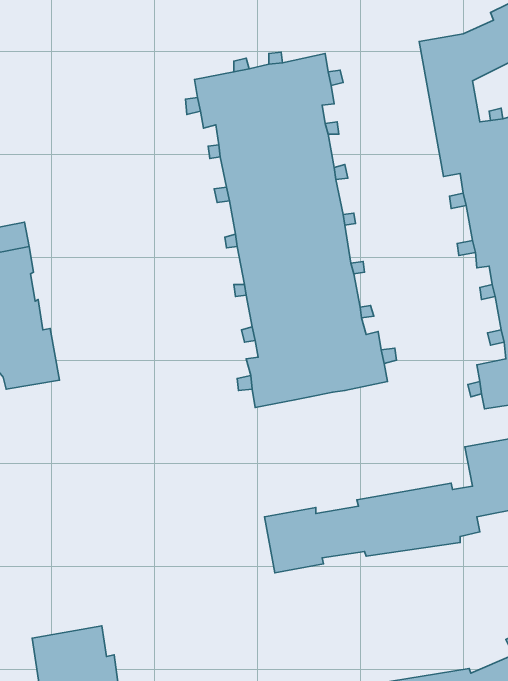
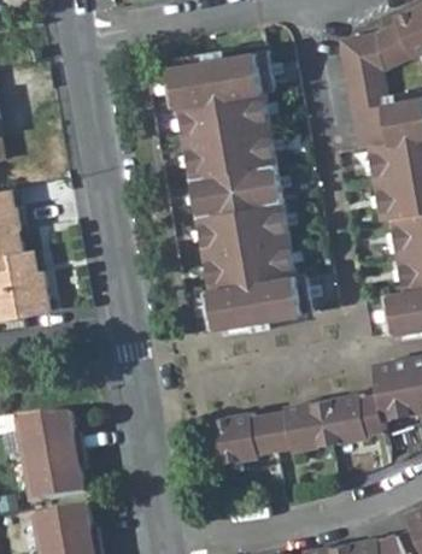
building: none -> [16,414,87,503]

